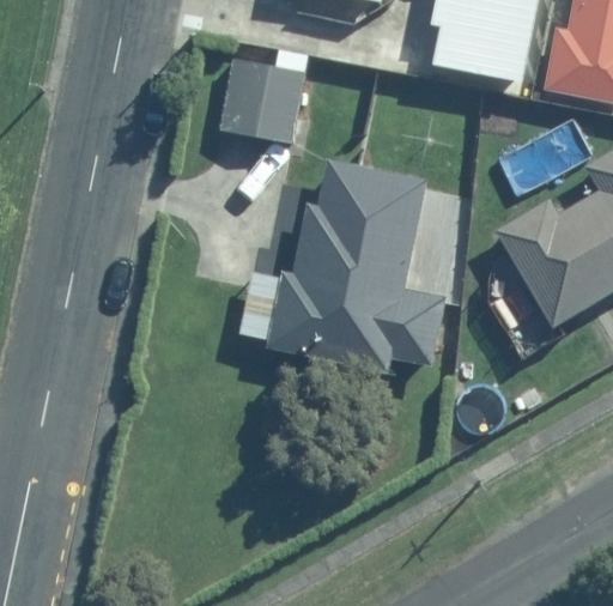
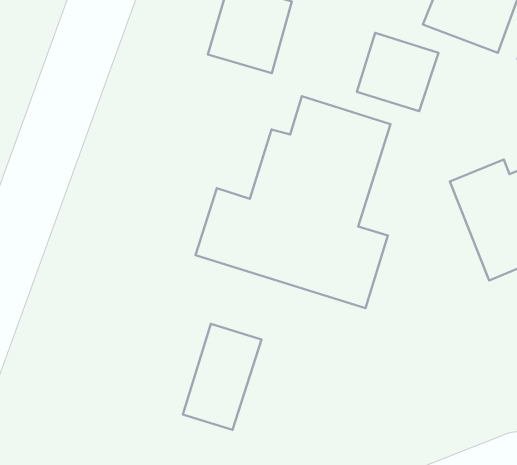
building: none -> [357,33,438,111]
building: none -> [183,324,262,430]

